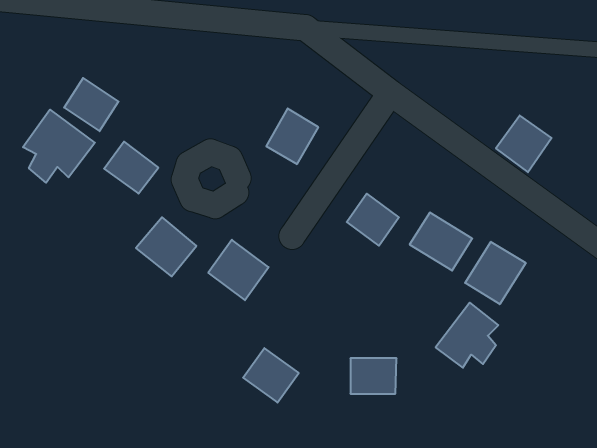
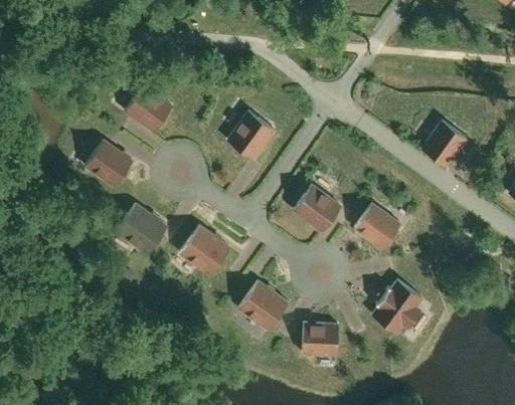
building: [64,78,119,131] -> [127,86,173,132]
building: [23,110,95,183] -> none
building: [465,242,526,304] -> none
building: [243,348,299,403] -> [239,282,287,329]

